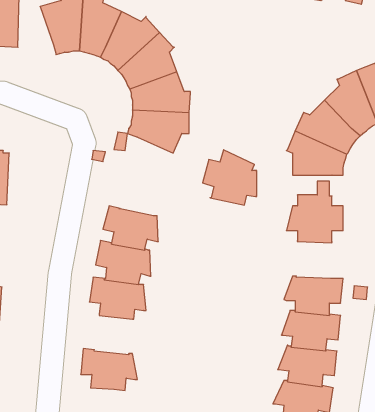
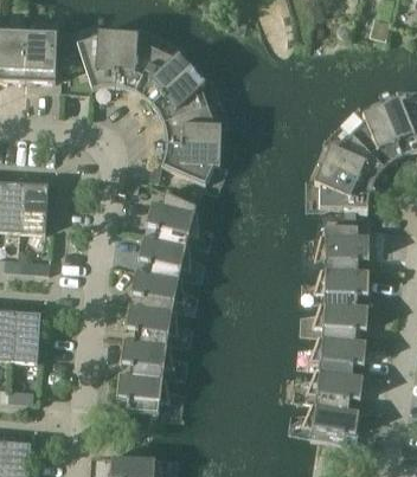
building: [203,150,257,205] -> [147,191,199,244]
building: none -> [315,267,370,304]
building: none -> [121,337,175,378]

